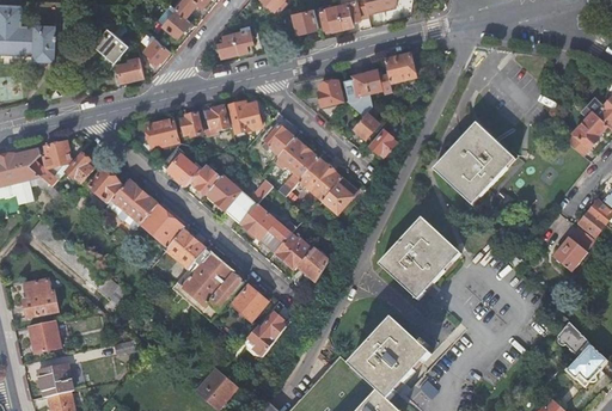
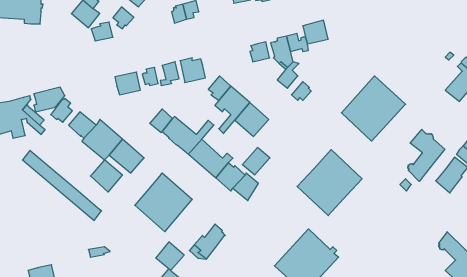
building: [159,142,197,185] -> none
building: [322,178,356,213] -> [242,148,270,175]
building: none -> [408,129,445,181]
building: [164,228,204,269] -> [90,160,122,192]
building: [22,277,57,315] -> none
building: [231,284,267,320] -> [156,242,184,270]
building: [27,319,60,351] -> none

